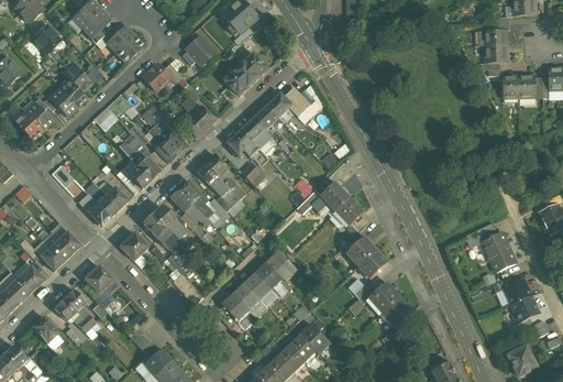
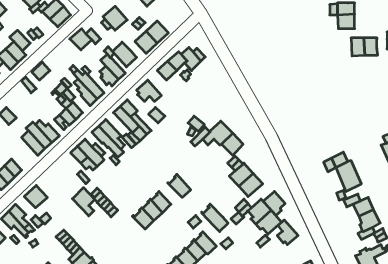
building: [241,117,272,149] -> [113,42,137,67]
building: [119,231,147,268] -> [72,188,95,216]
building: [255,261,289,296] -> [202,204,228,232]
building: none -> [264,191,285,215]
building: none -> [277,220,298,245]

